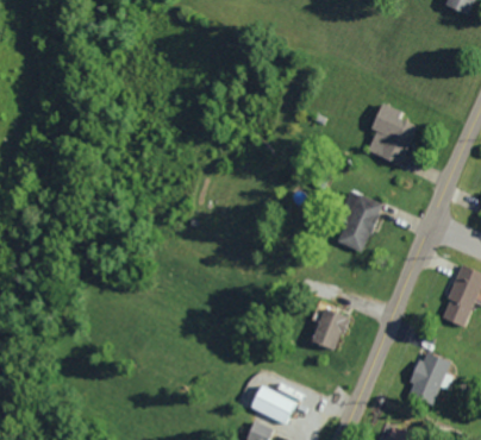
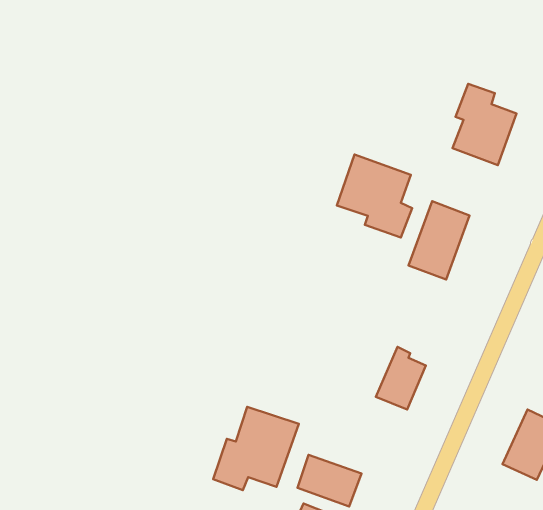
building: none -> [337,154,412,237]
building: none -> [213,407,299,490]

